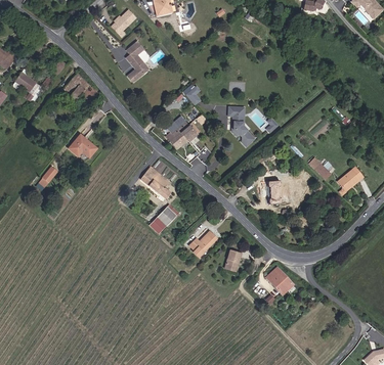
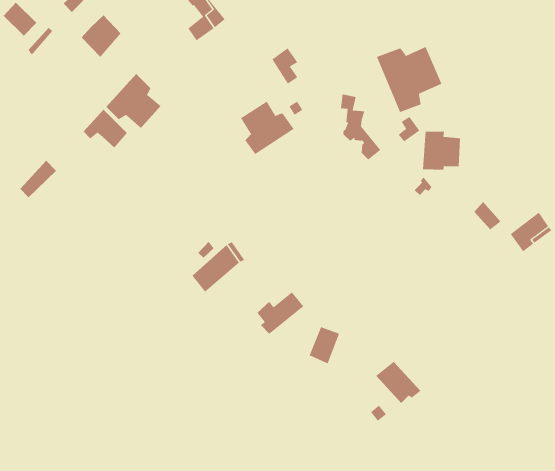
building: none -> [376,46,442,113]
building: none -> [105,73,161,129]
building: [140,166,172,202] -> none
building: [267,180,291,204] -> [422,131,461,170]

